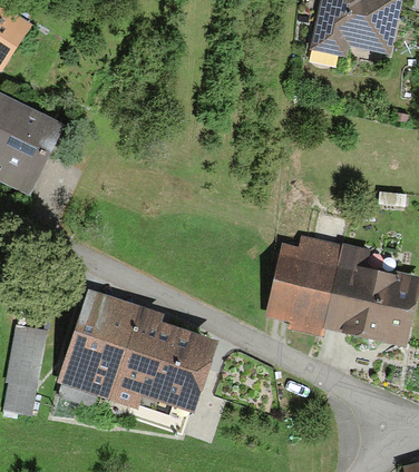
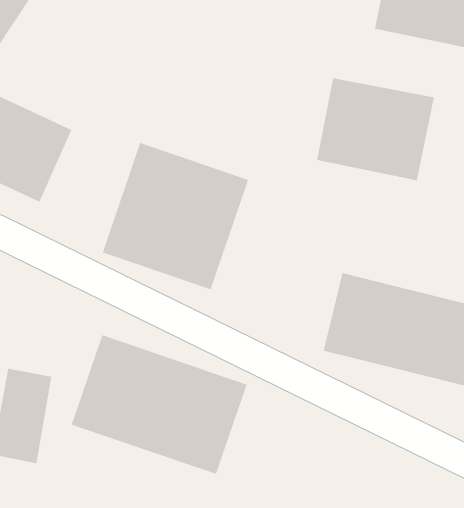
building: none -> [316,78,434,181]
building: none -> [102,142,249,290]

